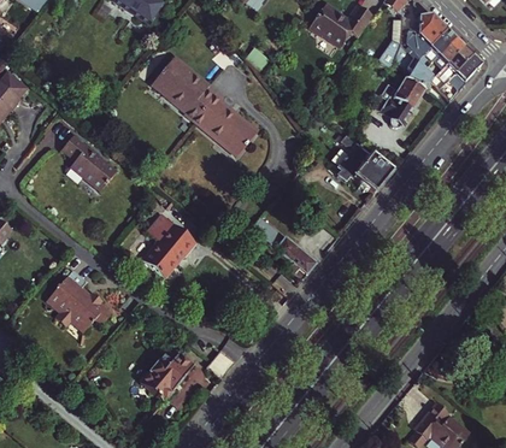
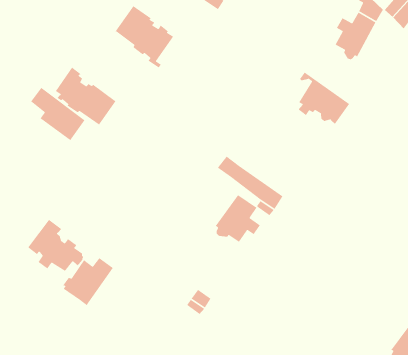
building: [195,92,258,155] -> [55,66,117,127]
building: [142,223,196,278] -> none
building: none -> [215,194,261,243]
building: [141,353,195,402] -> [62,257,114,306]

